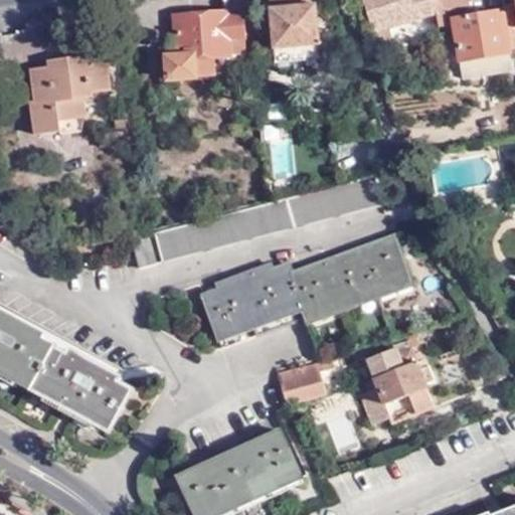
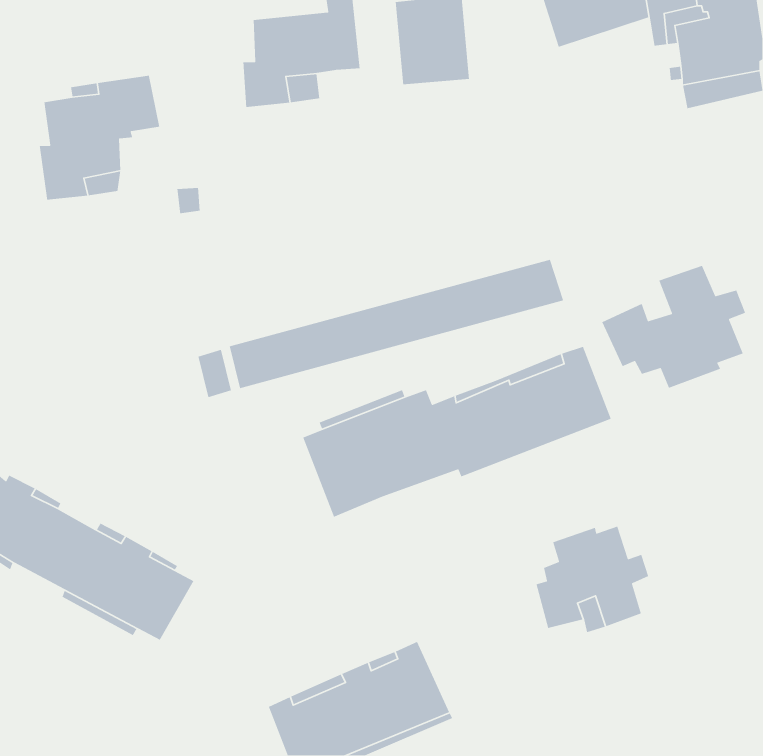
building: none -> [601,265,746,389]
building: [282,358,339,404] -> none

